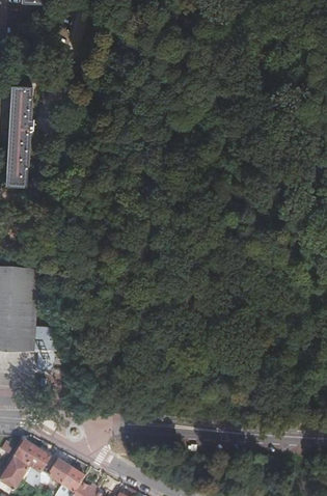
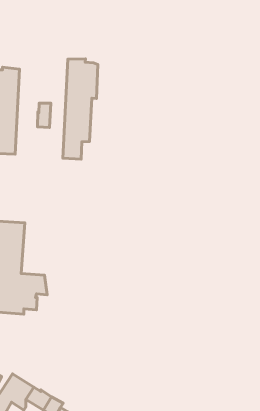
building: none -> [63,59,98,159]
building: none -> [37,103,51,127]

